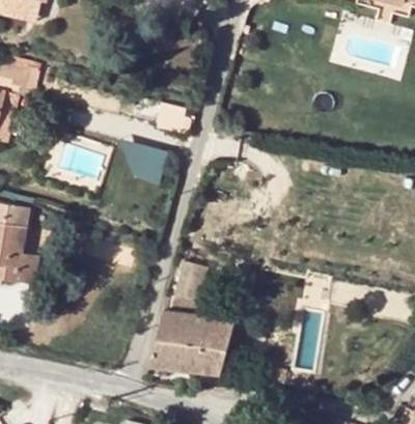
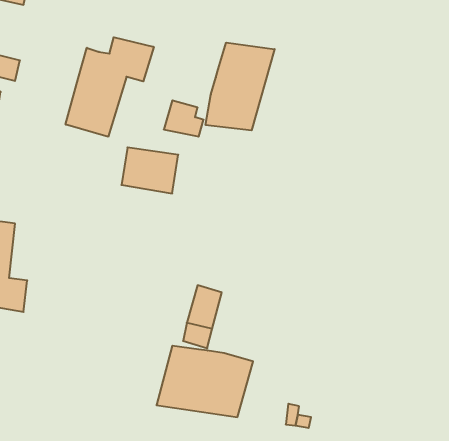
building: none -> [66,37,154,137]
building: none -> [206,43,275,130]

